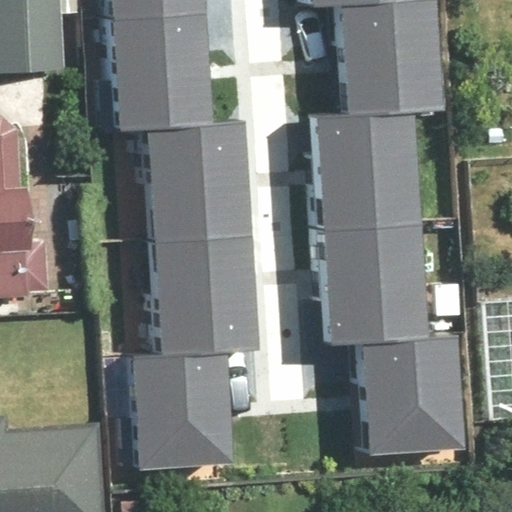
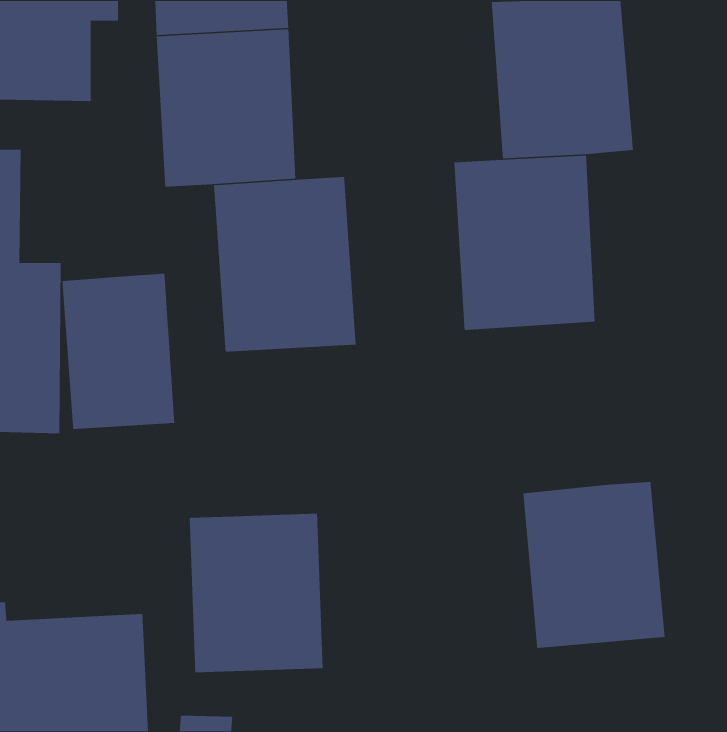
building: none -> [61,273,175,430]
building: [324,225,424,346] -> none
building: [157,241,256,360] -> none

